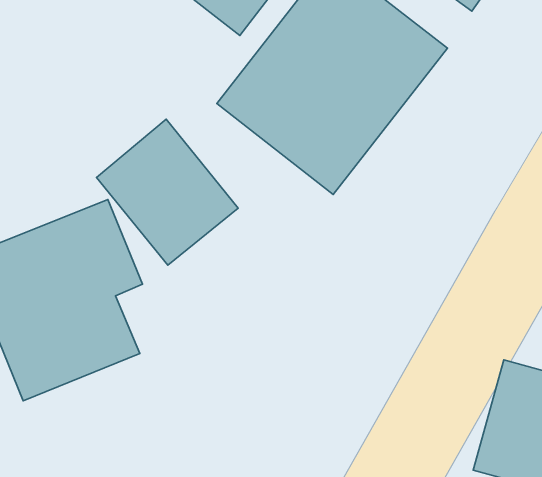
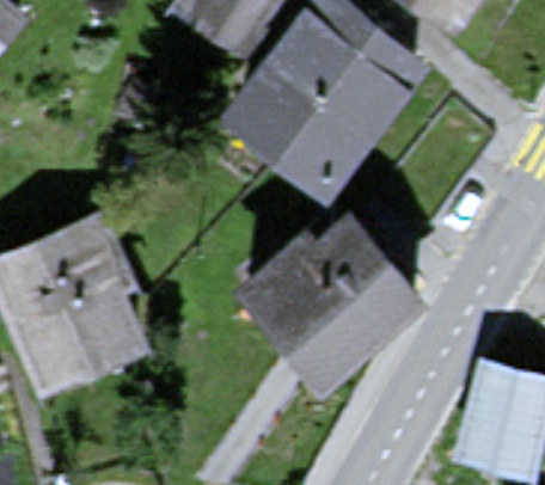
building: [96,119,238,265] -> none
building: none -> [228,204,417,391]

